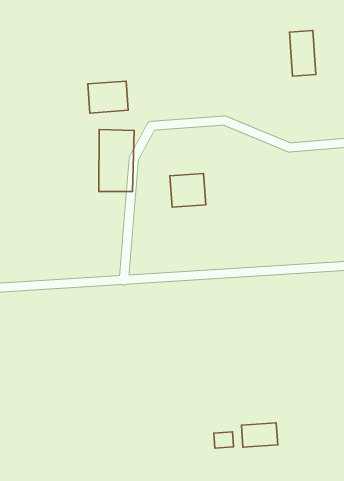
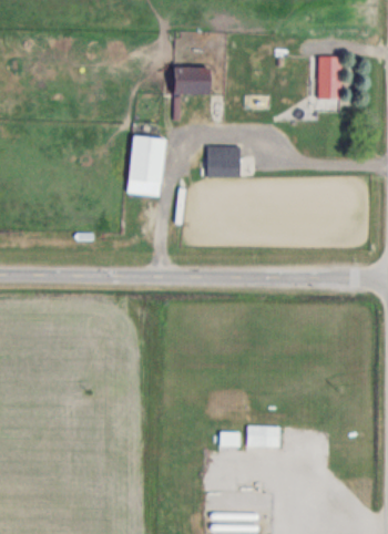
building: [88,81,128,113] -> [172,66,208,94]
building: [170,173,206,207] -> [207,146,239,176]

